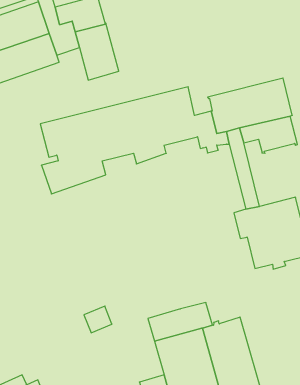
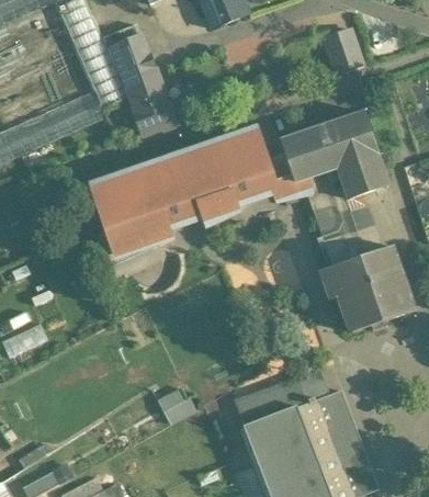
building: none -> [325,29,363,74]

